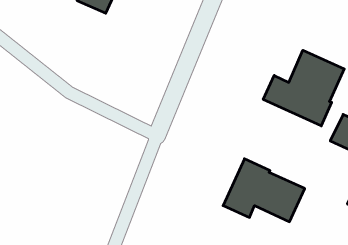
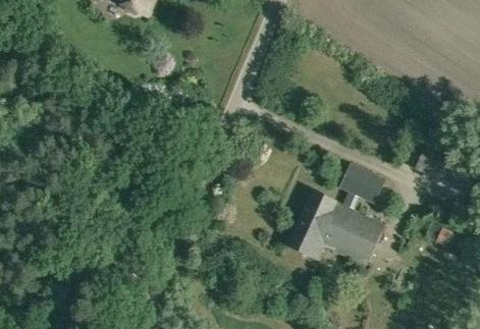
building: [263,50,344,126] -> none
building: none -> [340,165,384,203]

